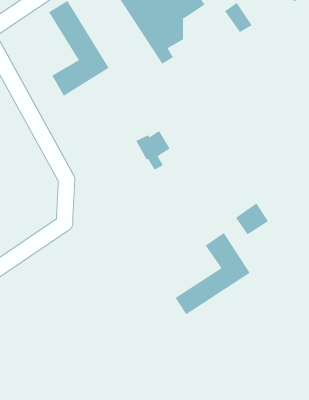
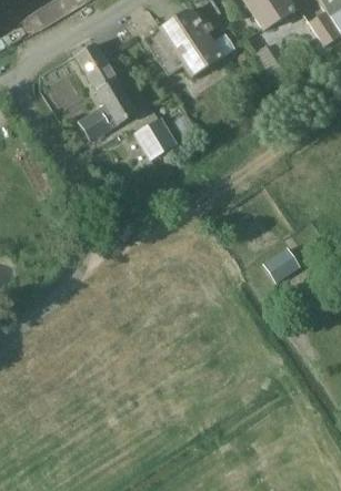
building: [136,130,170,170] -> [134,116,170,157]
building: [175,232,250,315] -> none

